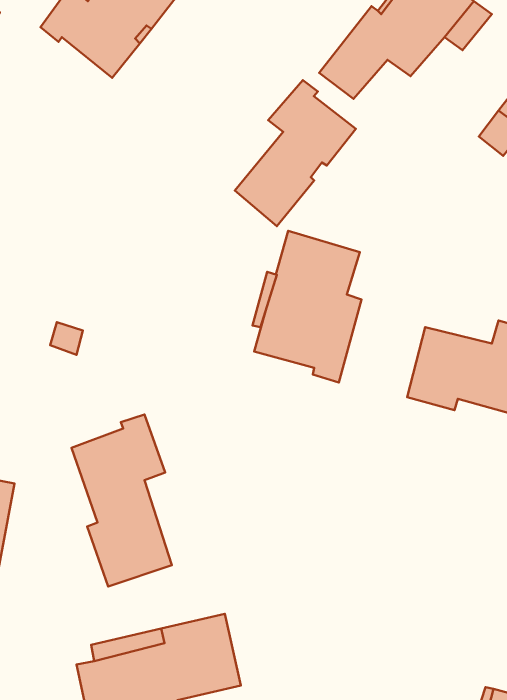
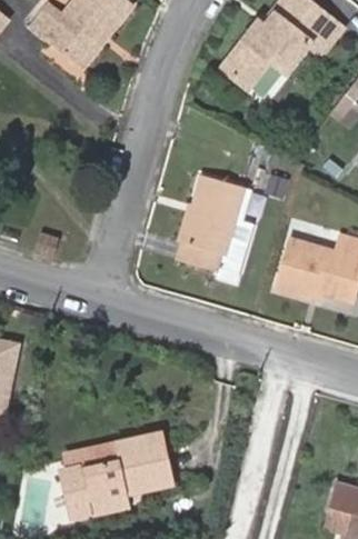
building: [235,80,356,226] -> none
building: [71,414,172,586] -> none

